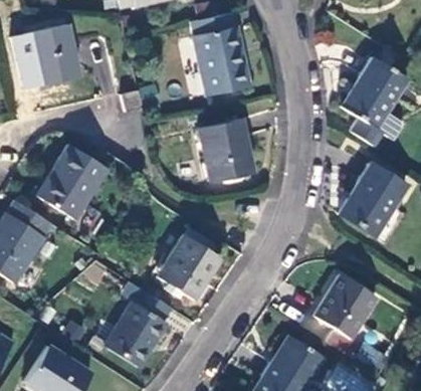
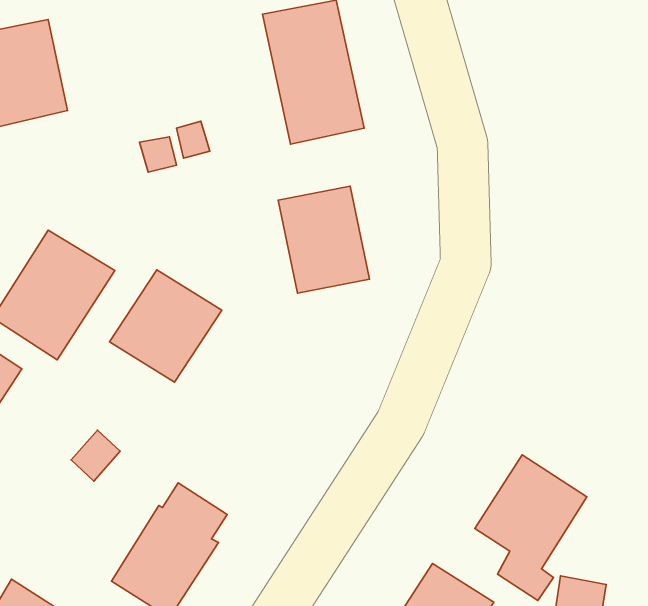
building: [340,56,407,146] -> none
building: [339,163,407,243] -> none
building: [156,235,220,300] -> [110,270,222,382]

